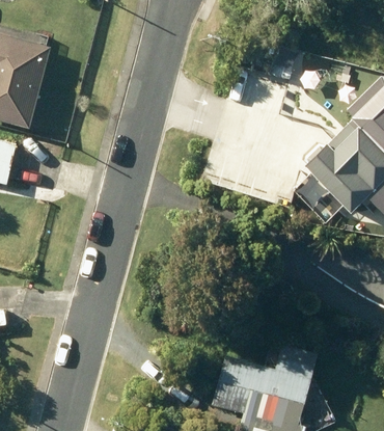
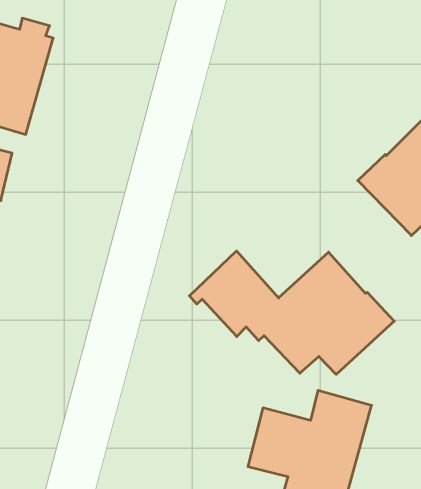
building: none -> [189,251,394,374]

